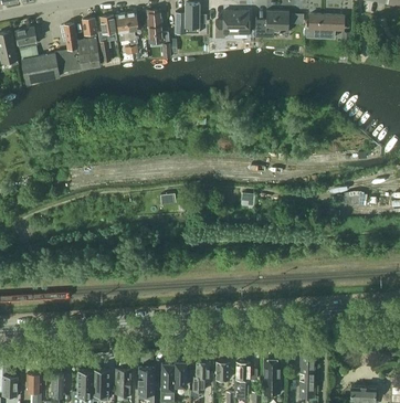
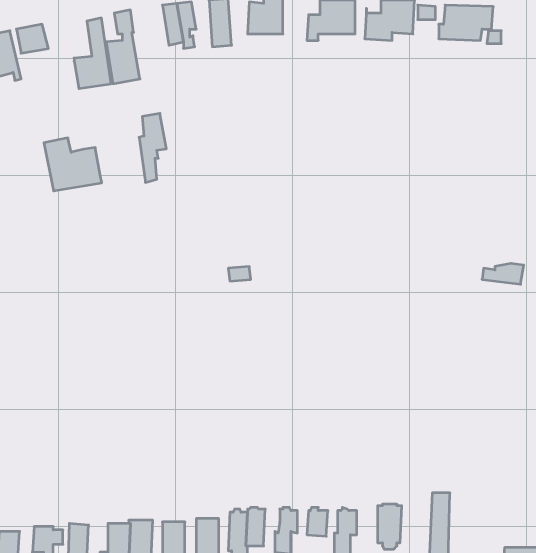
building: [98,15,117,63] -> [139,113,166,182]
building: [20,46,60,83] -> [44,138,102,191]

